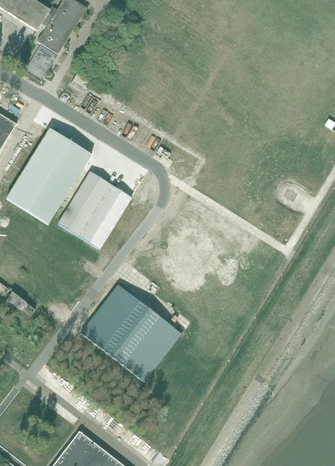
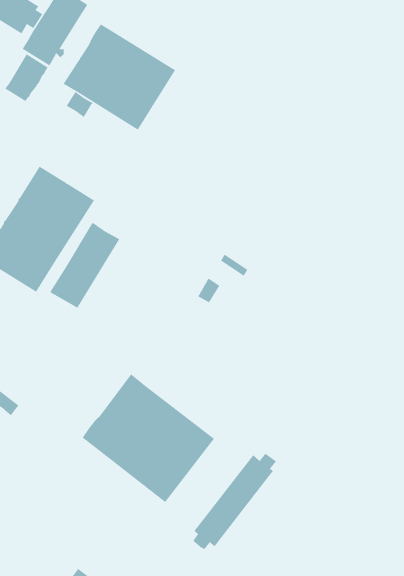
building: none -> [63,24,176,131]
building: [79,184,132,249] -> none
building: none -> [193,453,277,551]

